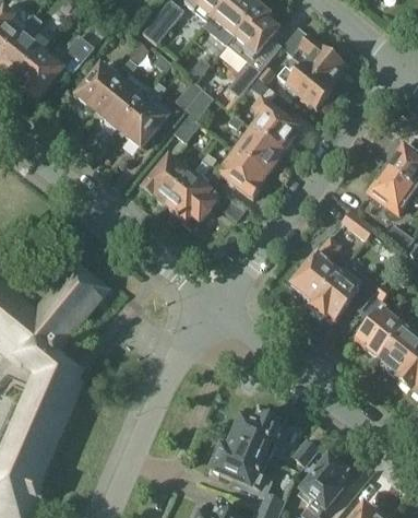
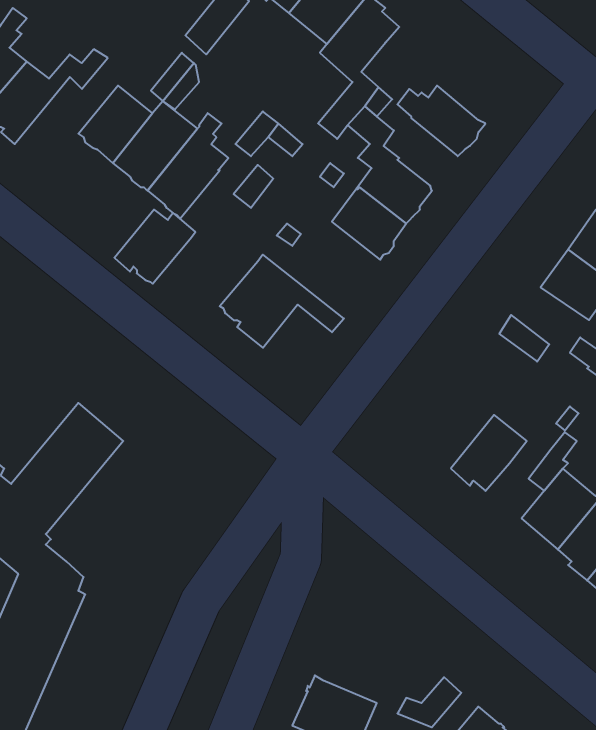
building: [282,26,346,85] -> none
building: [219,150,267,198] -> none
building: [142,156,193,203] -> [114,210,195,284]
building: [291,236,339,306] -> none
building: [231,408,289,455] -> none

